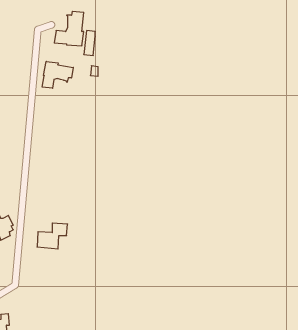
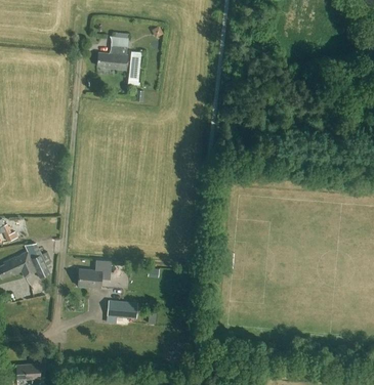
building: [42,61,73,88] -> none
building: none -> [107,301,137,318]

